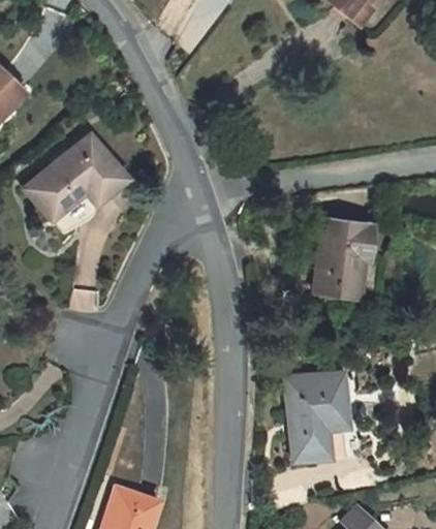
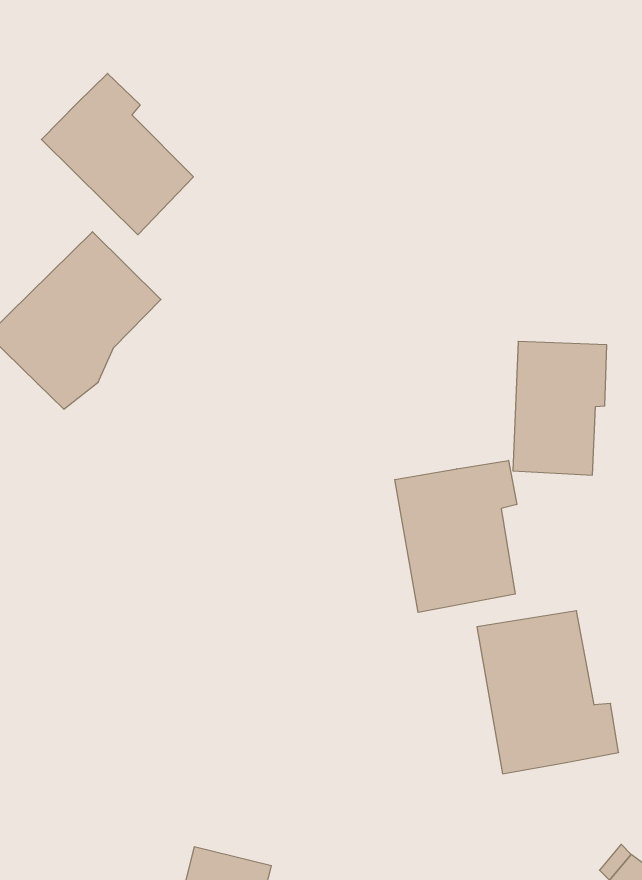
building: none -> [41,73,193,235]
building: none -> [395,460,517,612]

